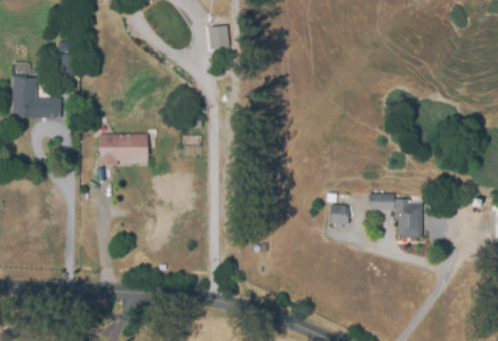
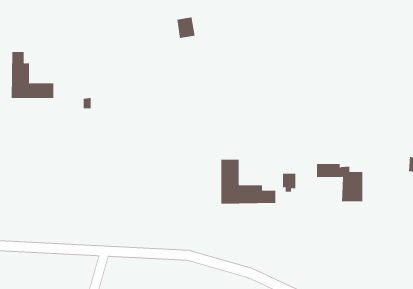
building: [99,134,146,166] -> none
building: none -> [221,159,276,205]

